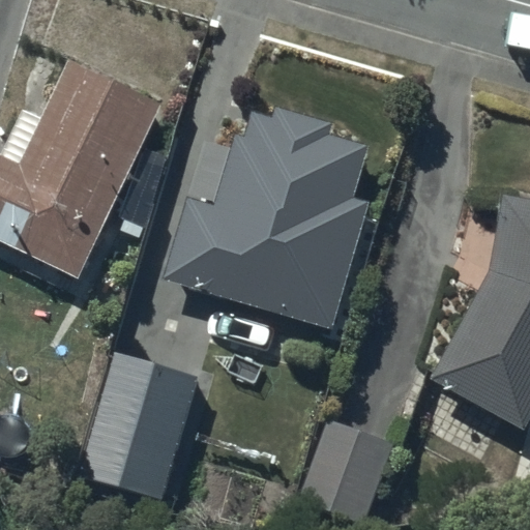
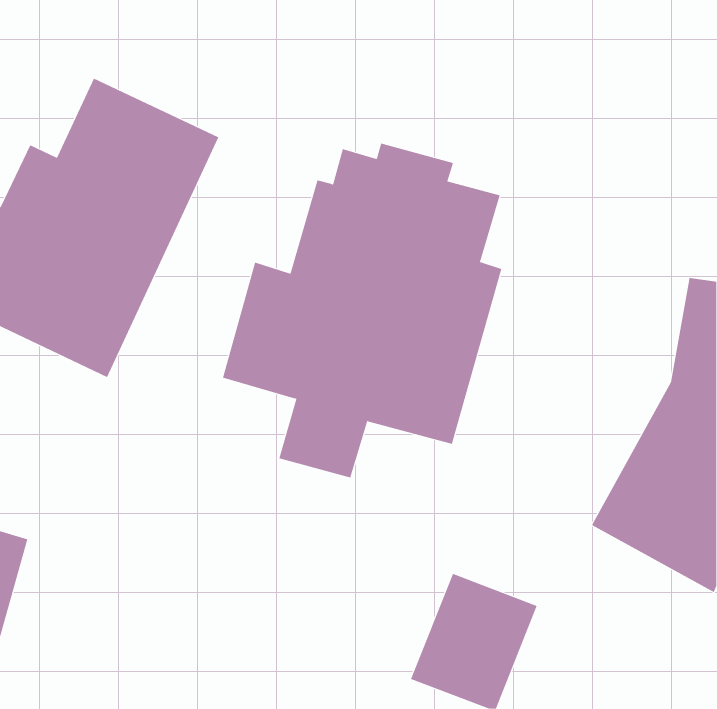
building: [82,356,198,504] -> none

